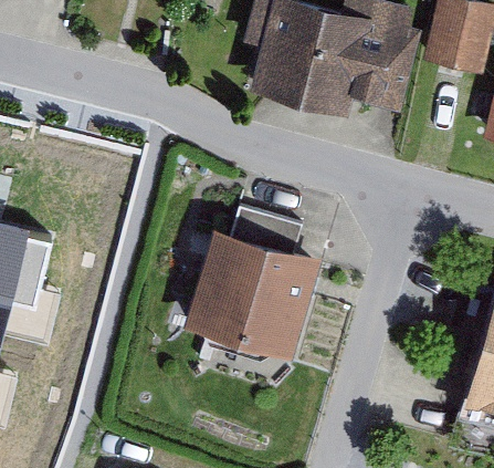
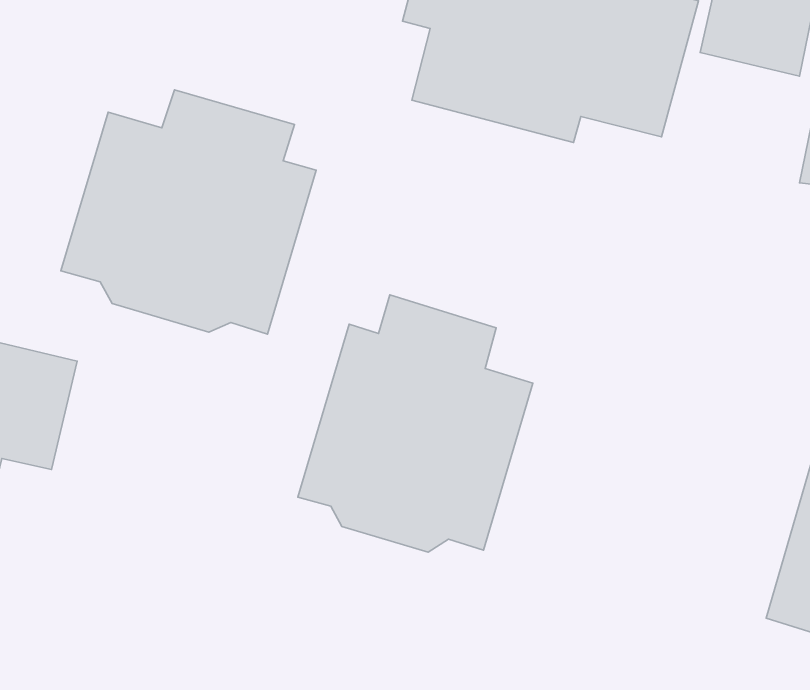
building: none -> [61,90,316,334]

